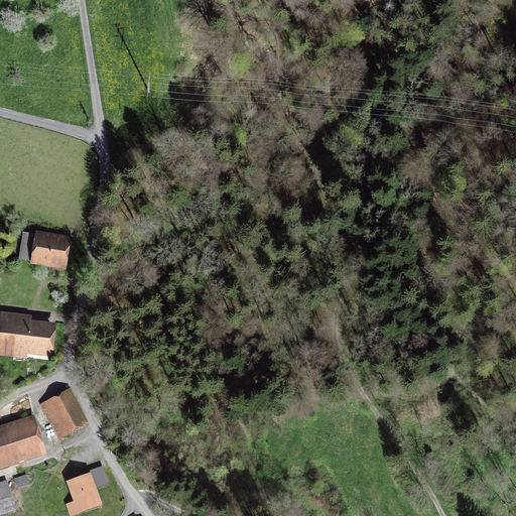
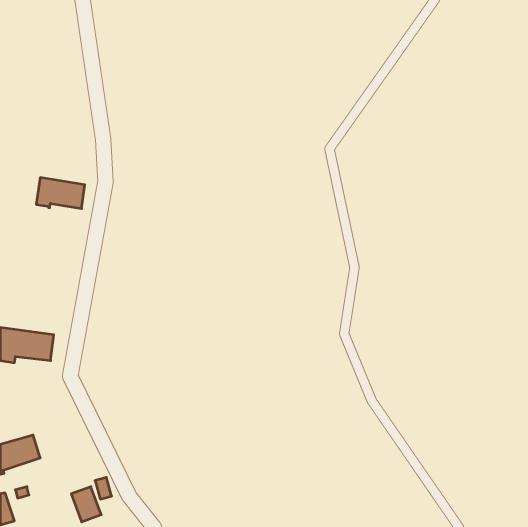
building: [19,232,67,262] -> [36,178,85,209]
building: [43,393,82,433] -> none

